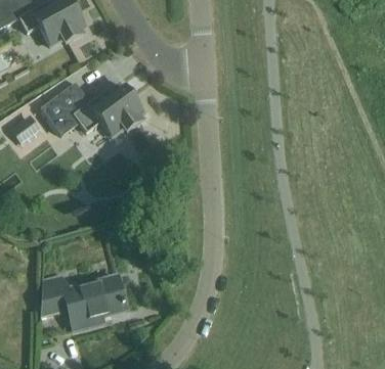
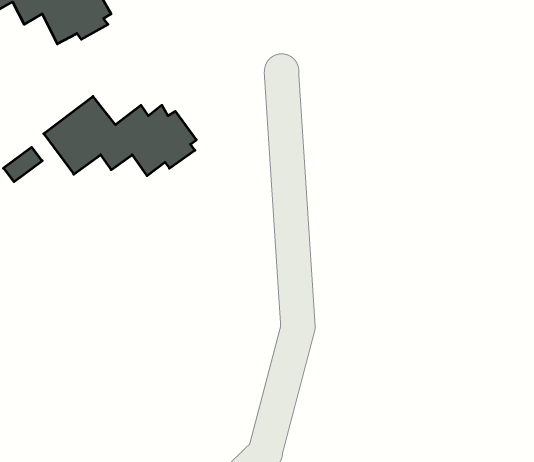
building: [40,272,126,322] -> none

